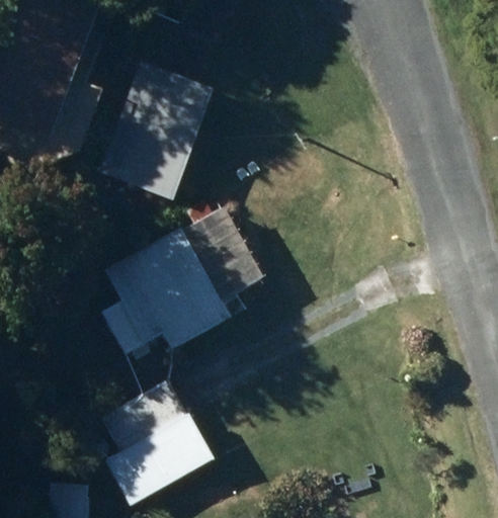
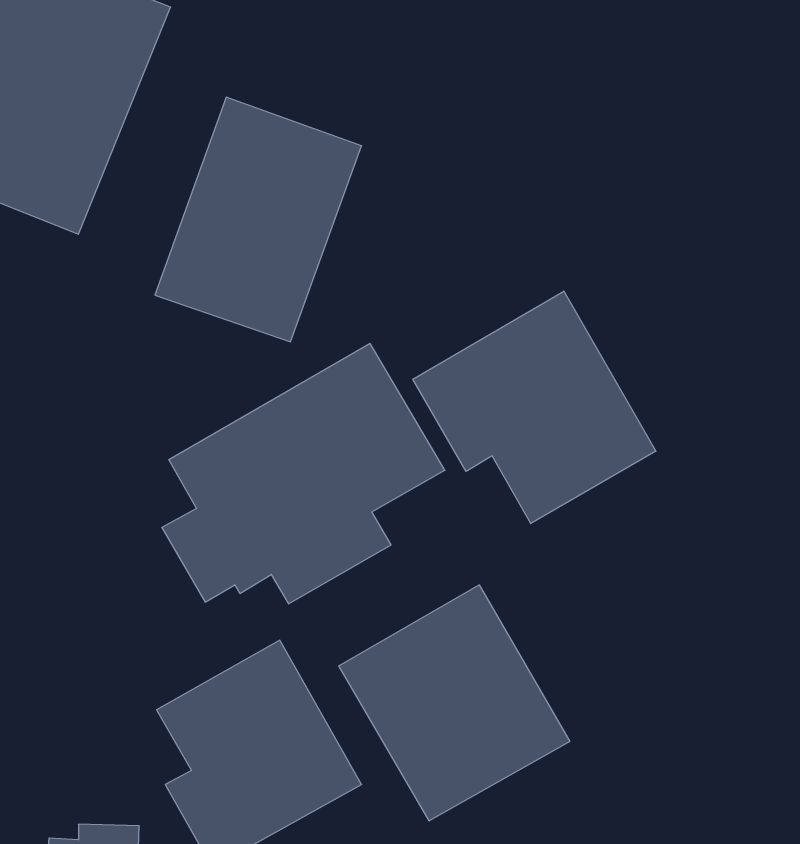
building: none -> [413,291,656,524]
building: none -> [339,585,570,821]

